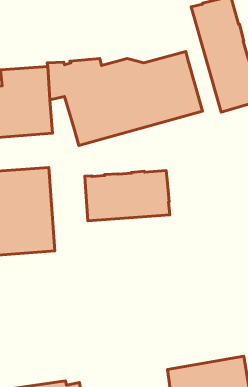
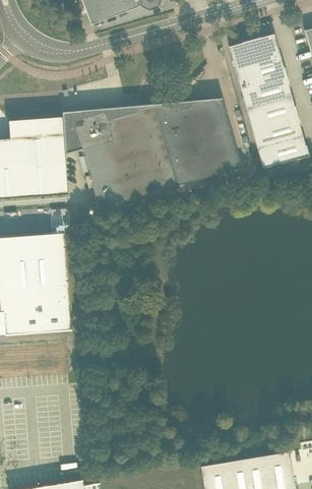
building: [85,170,170,221] -> none

